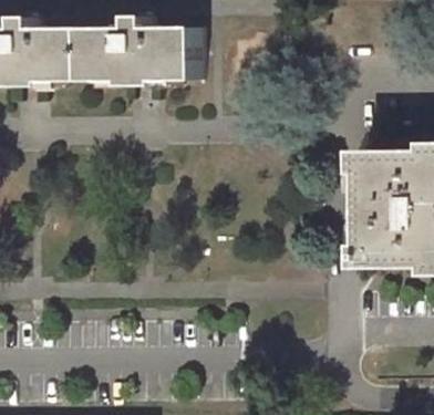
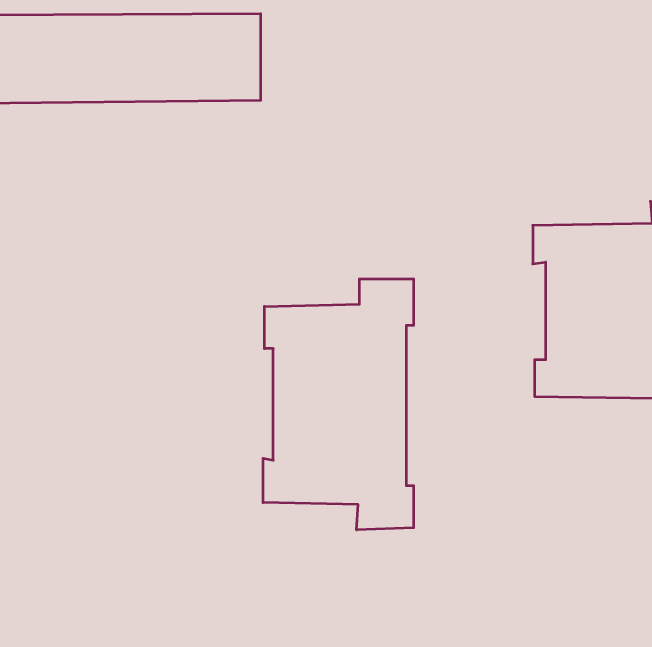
building: none -> [263,279,414,530]

